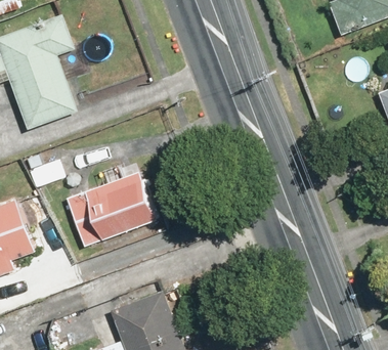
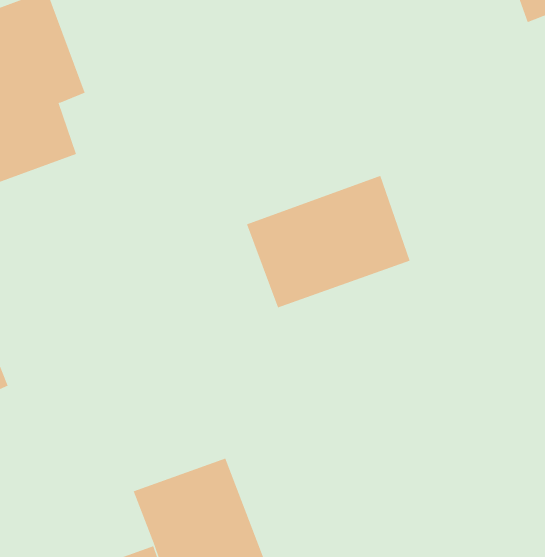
building: [64,171,161,249] -> [246,175,411,308]

